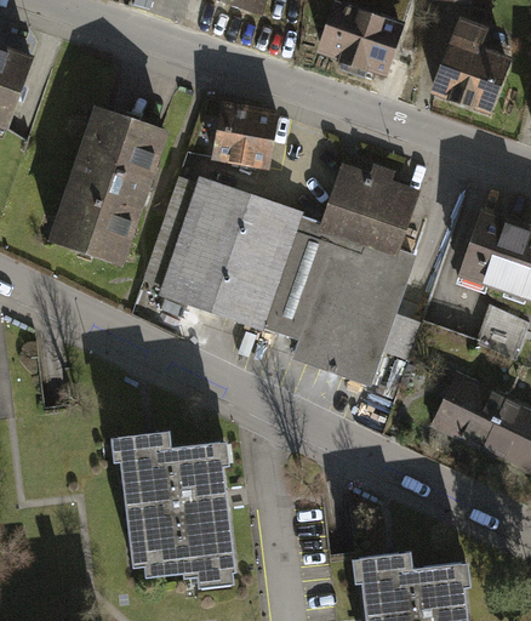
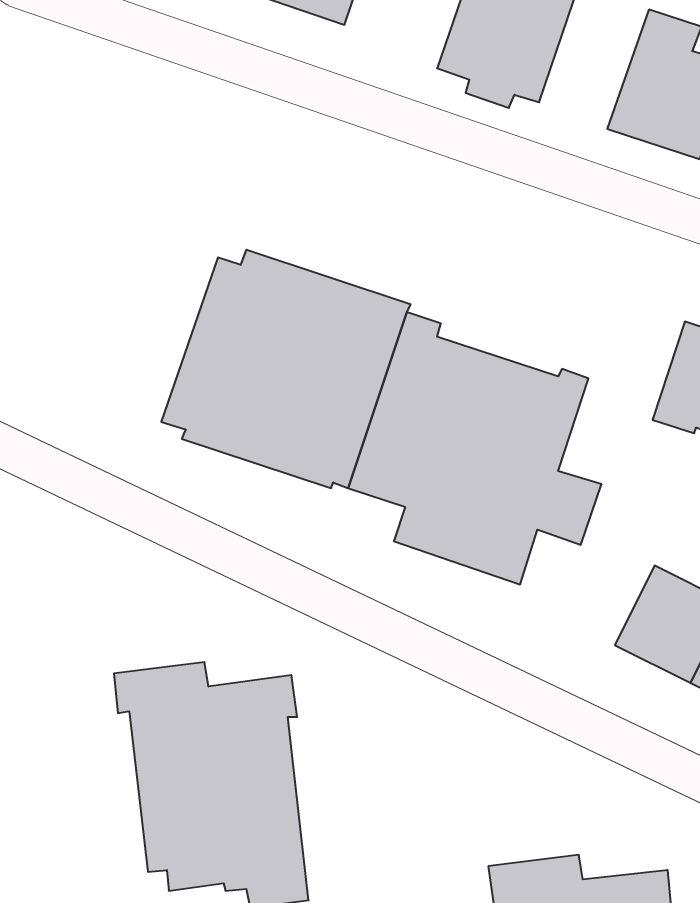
building: [211,103,279,167] -> none
building: [50,110,165,267] -> none
building: [319,158,418,250] -> none

